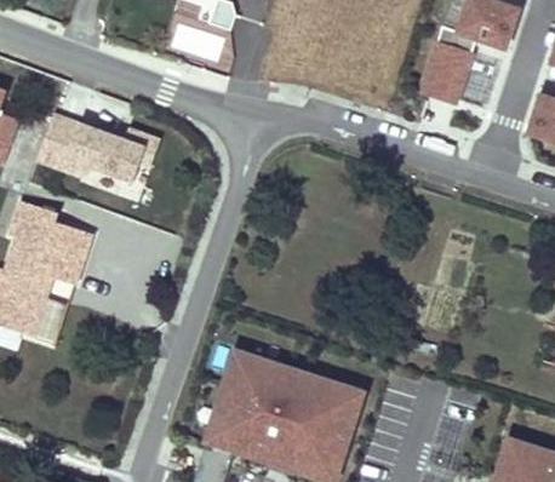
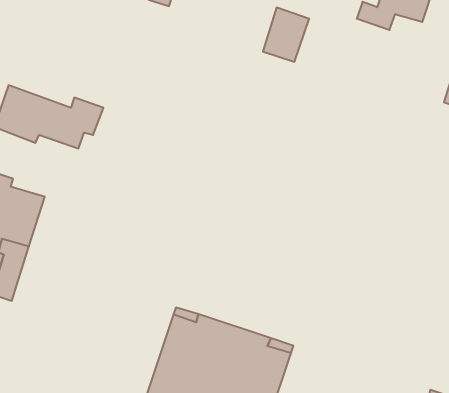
building: [418,44,468,102] -> [263,8,309,62]

